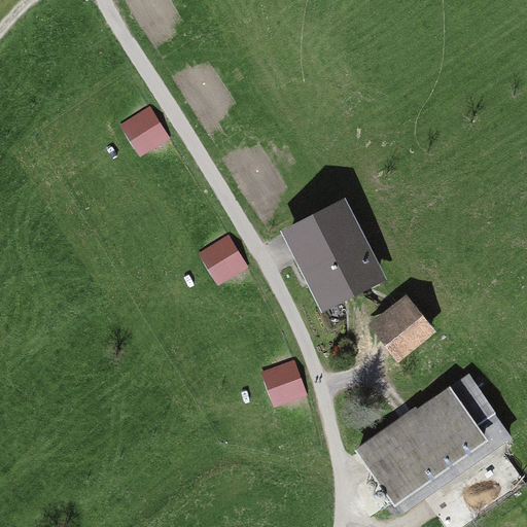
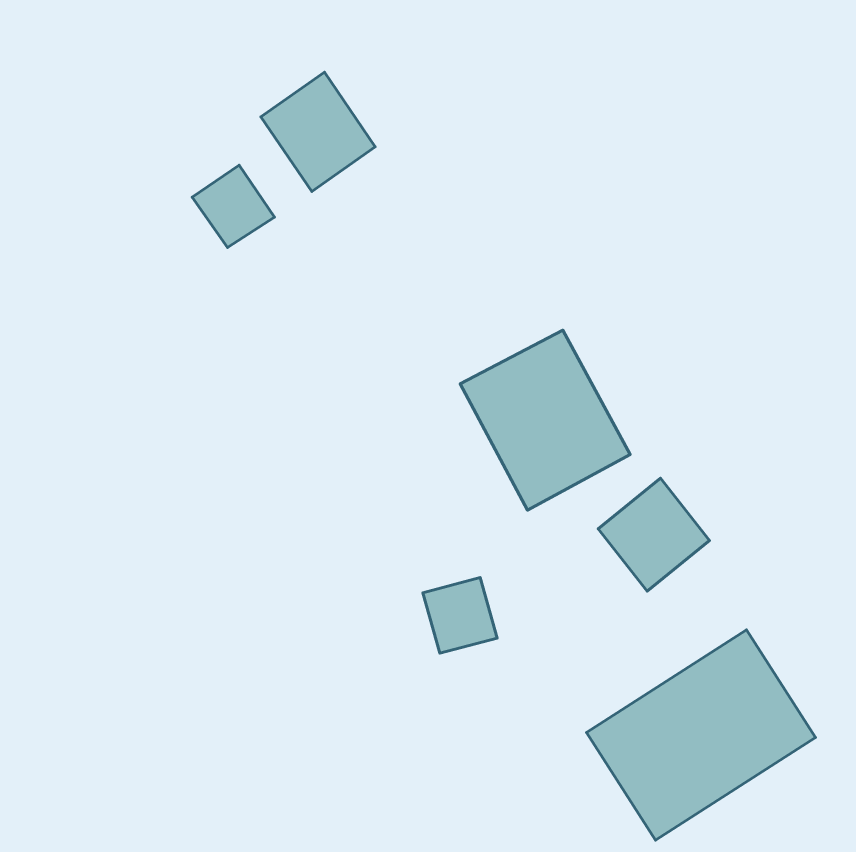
building: none -> [261,72,375,192]
building: [198,231,247,281] -> none

